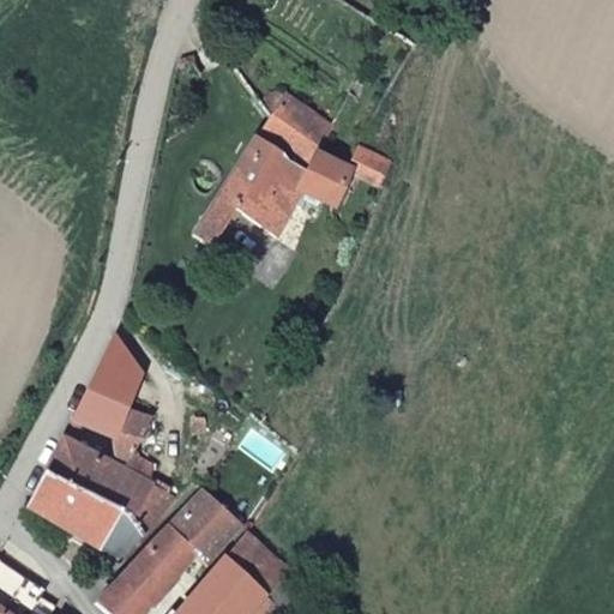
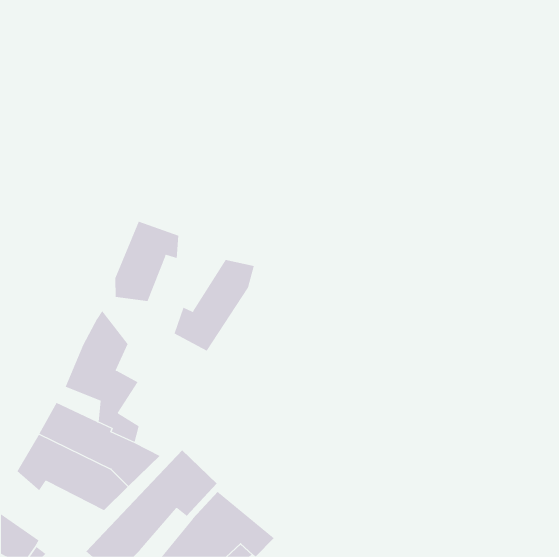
building: [191,90,390,247] -> none
building: none -> [115,221,179,302]
building: none -> [174,259,255,352]

